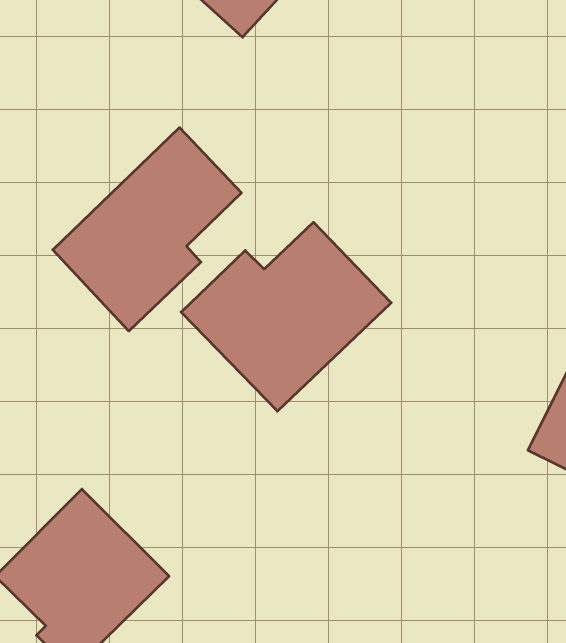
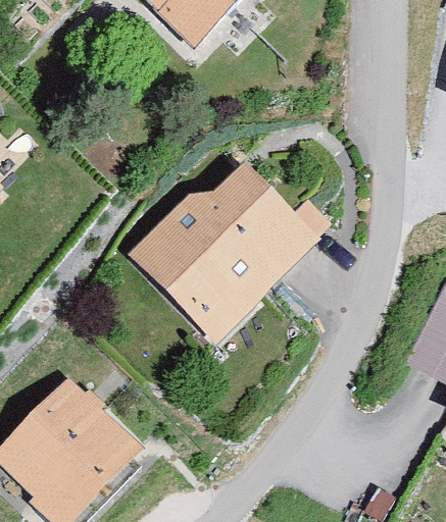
building: [53,128,241,331] -> none

